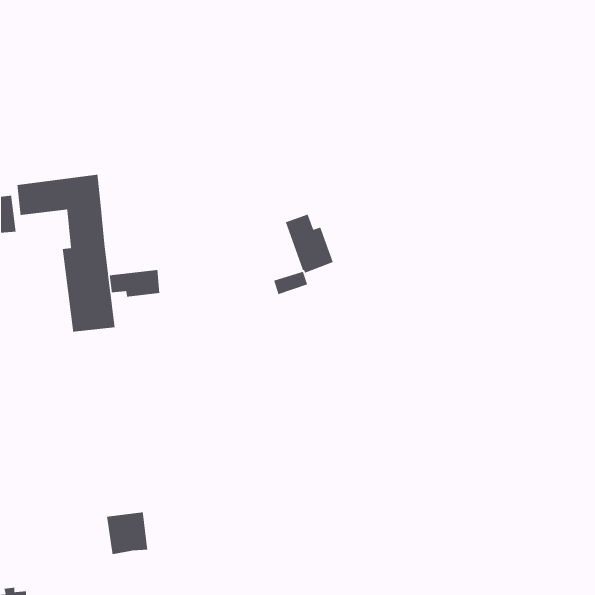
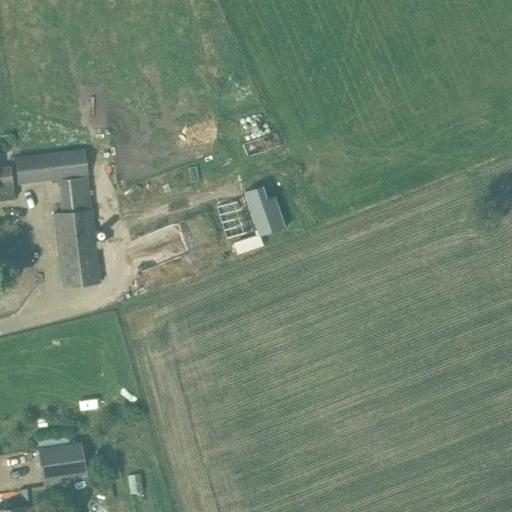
building: [109,269,160,297] -> none
building: [106,512,148,555] -> [38,444,74,481]

